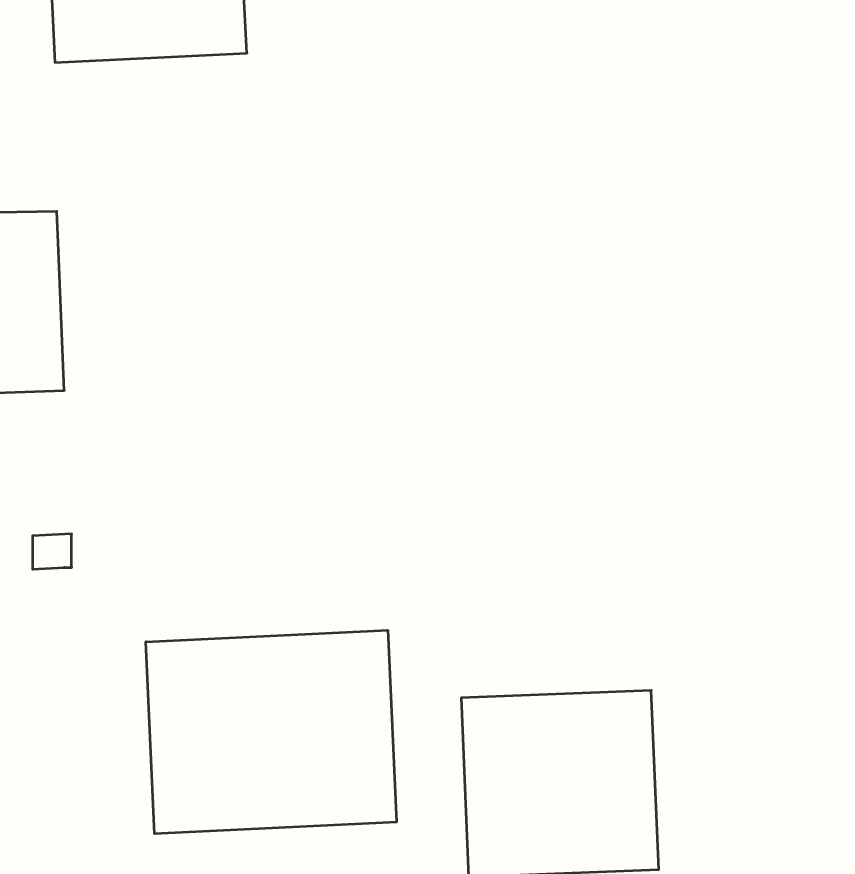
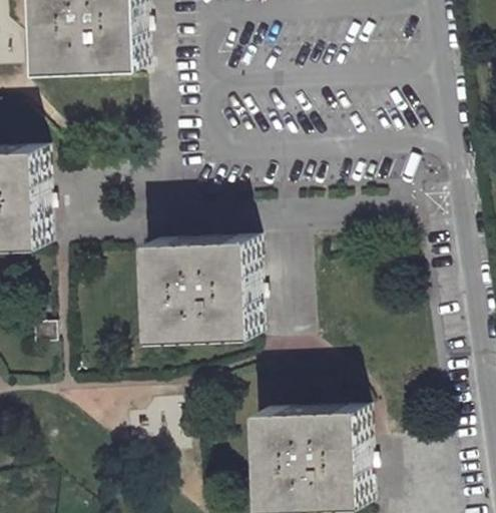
building: none -> [146,238,255,341]
building: [146,630,396,834] -> none

